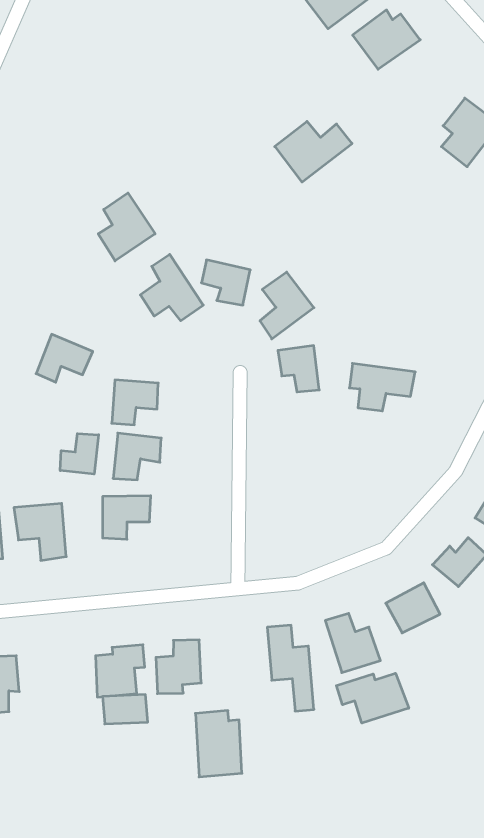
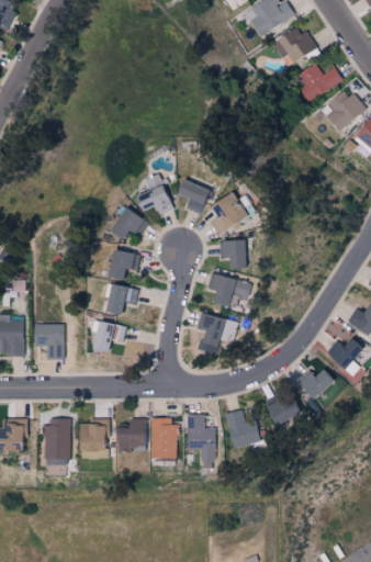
building: [275,121,352,182] -> [295,65,345,103]
building: [98,193,155,261] -> none
building: [36,334,93,382] -> [103,207,140,238]
building: [349,363,415,411] -> [202,273,245,305]
building: [60,434,99,474] -> none
building: none -> [194,314,233,355]
building: none -> [46,419,71,459]
building: [336,673,409,723] -> none
building: [195,711,242,777] -> [150,418,179,459]

